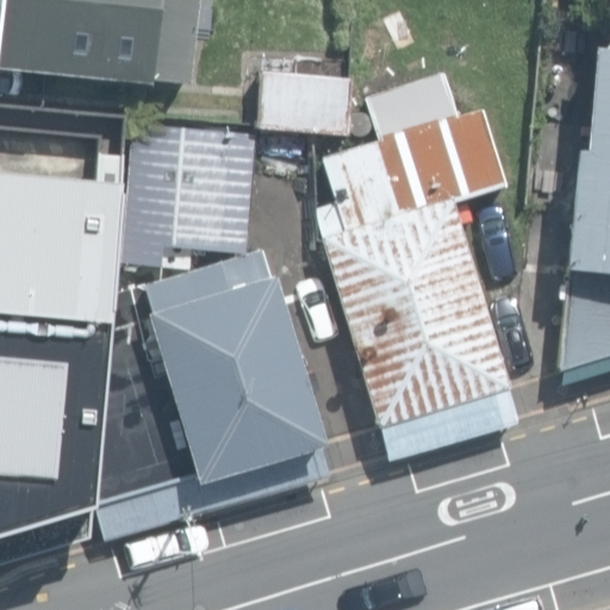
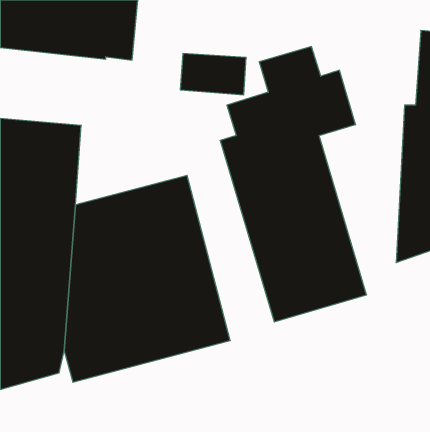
building: [117,125,249,269] -> none

